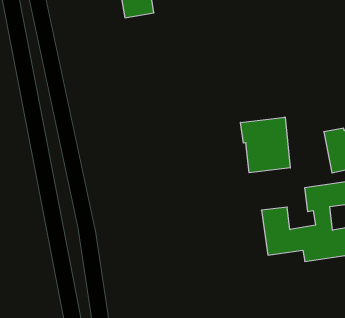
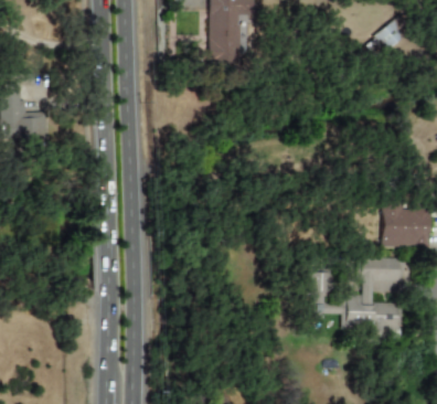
building: [240,117,290,173] -> none

